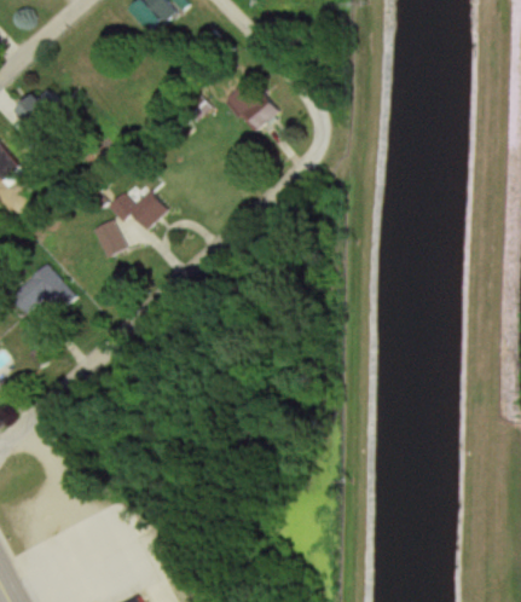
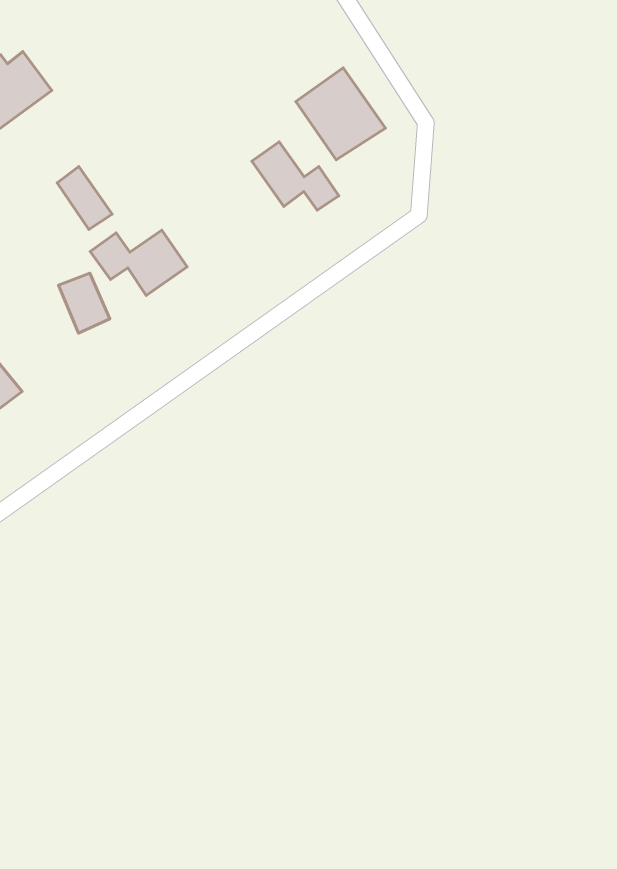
building: none -> [252,142,339,210]
building: none -> [57,167,112,229]

